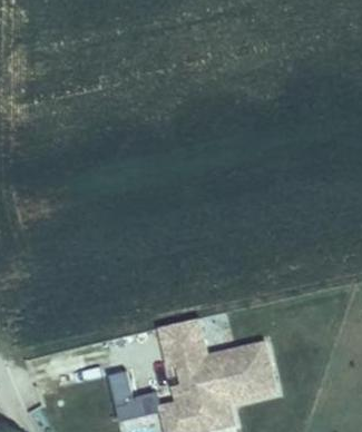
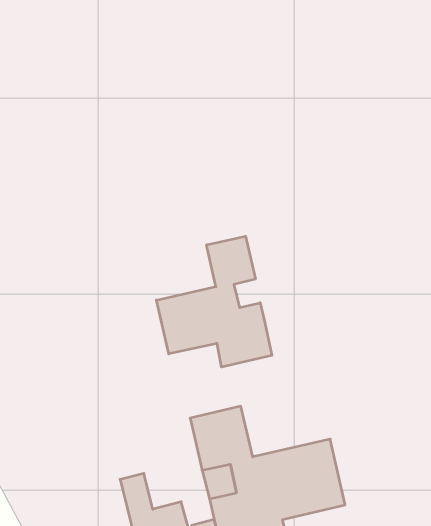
building: none -> [156,236,272,367]

